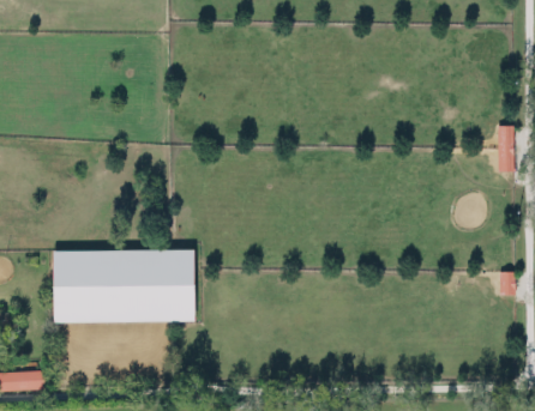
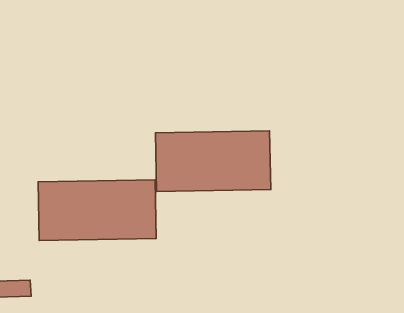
building: none -> [156,131,271,191]

